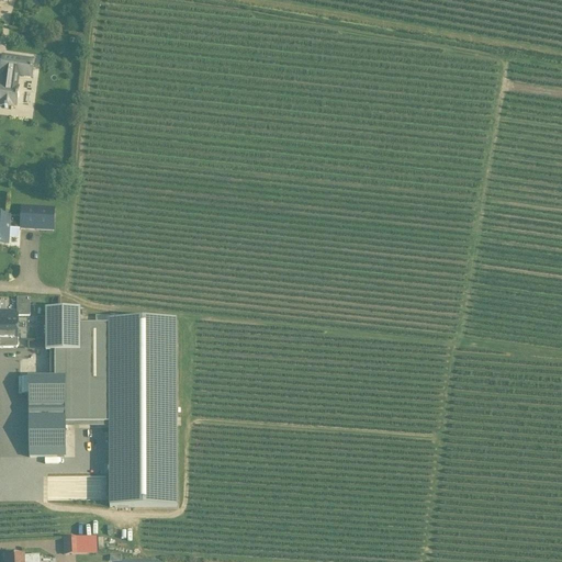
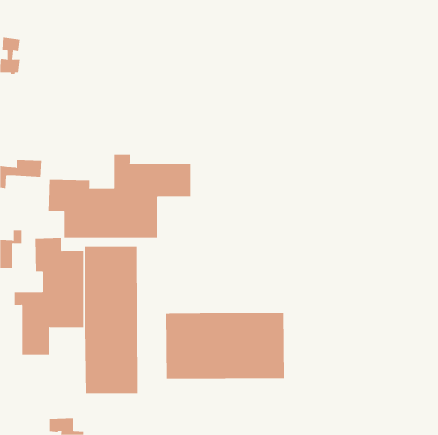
building: none -> [48,154,191,239]
building: none -> [166,312,285,379]

